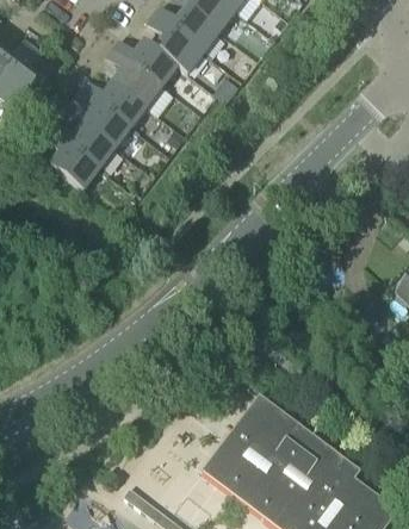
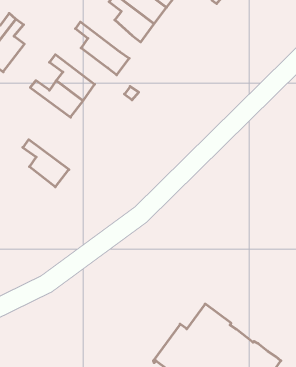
building: [112,42,176,88] -> none
building: [81,82,147,129] -> none
building: [43,132,100,191] -> [23,140,69,187]

